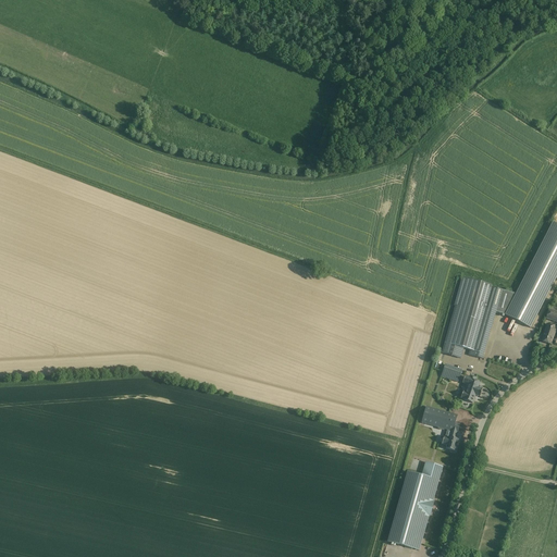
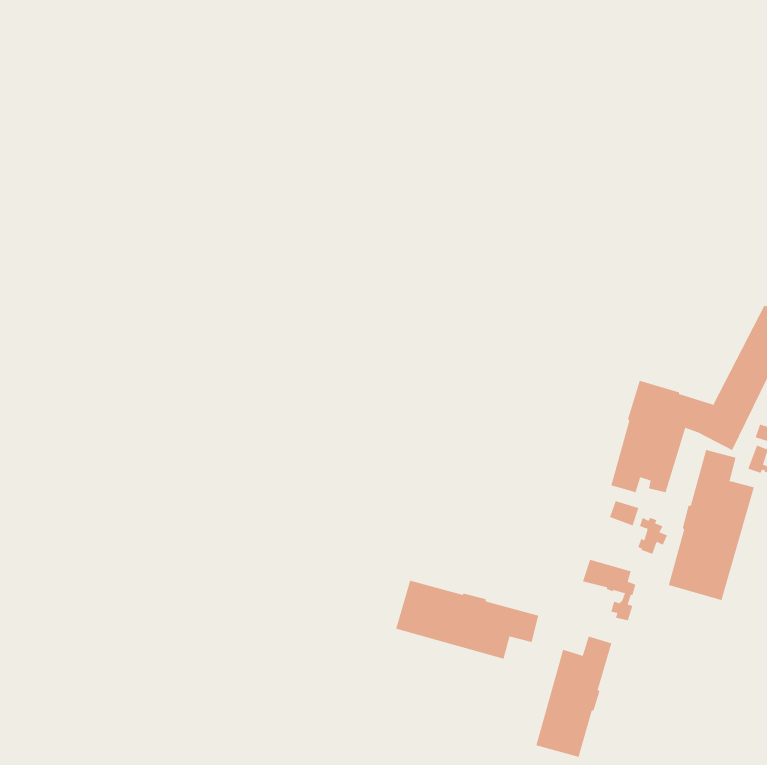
building: none -> [668,449,754,601]
building: none -> [396,580,539,660]

